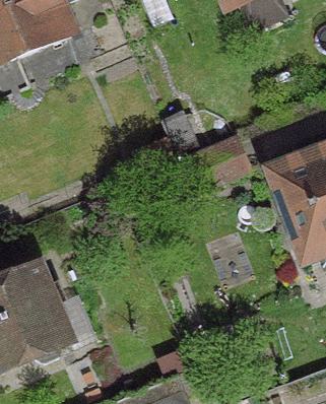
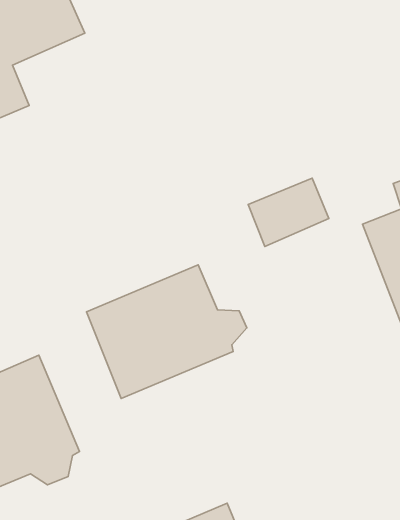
building: none -> [86,265,247,399]

